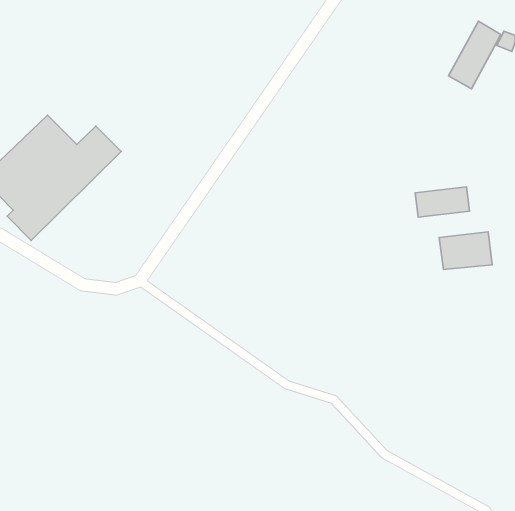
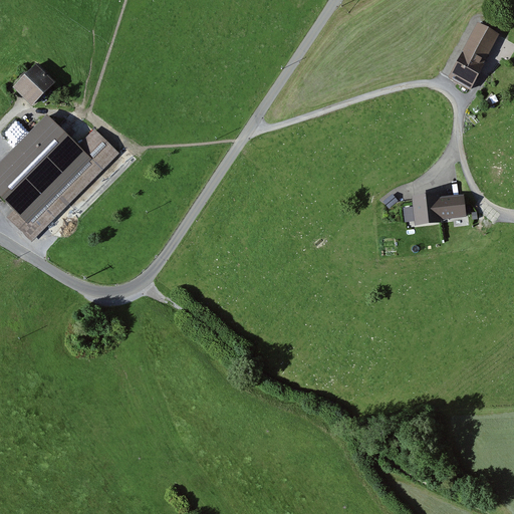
building: none -> [12,63,55,105]
building: [439,232,492,269] -> none

